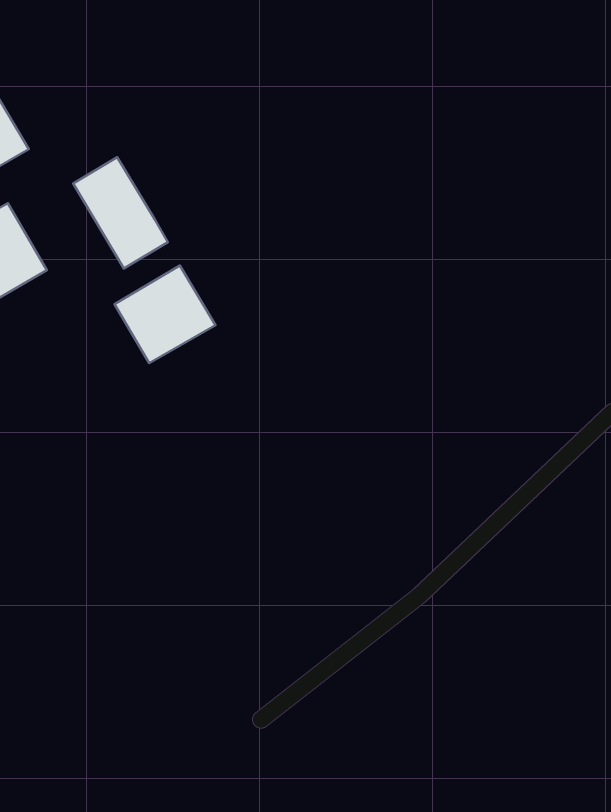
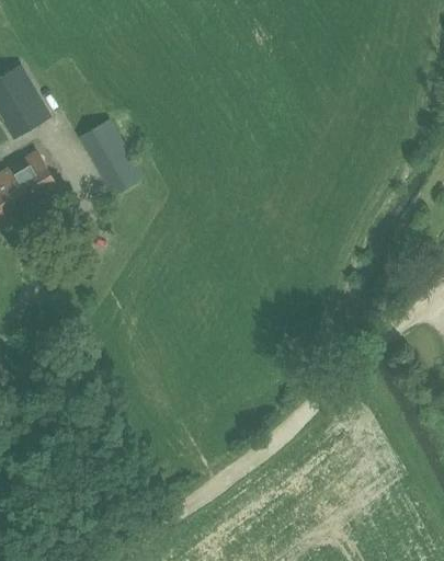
building: [115,265,216,363] -> none

